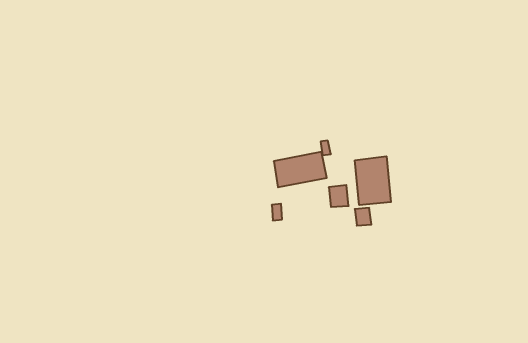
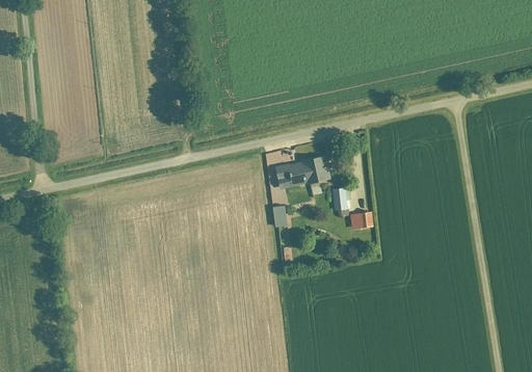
building: [355,156,391,205] -> none

